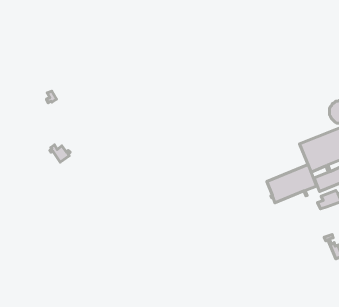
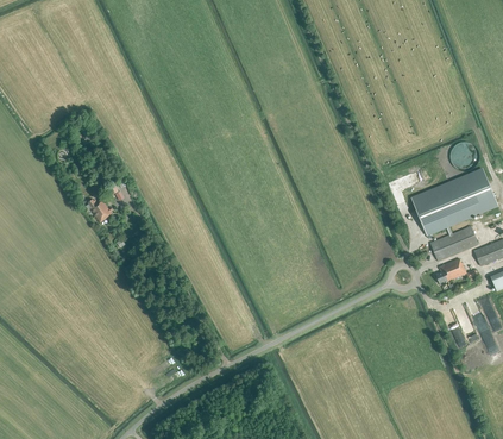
building: [267,165,317,203] -> none

